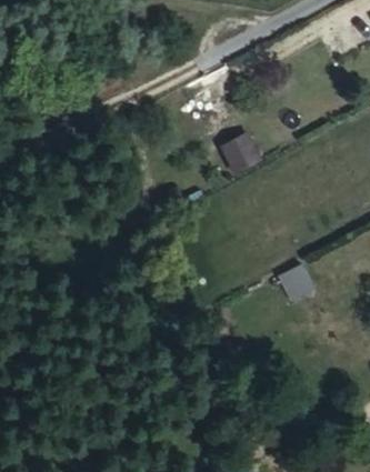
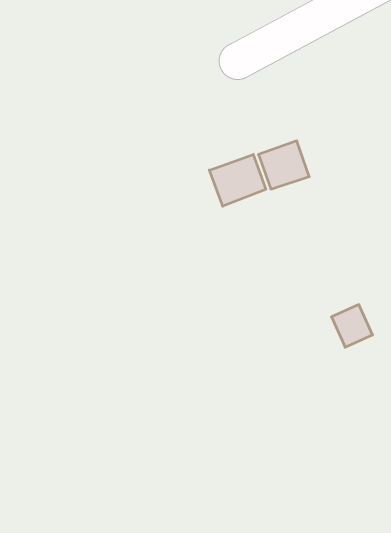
building: none -> [209,154,266,206]

